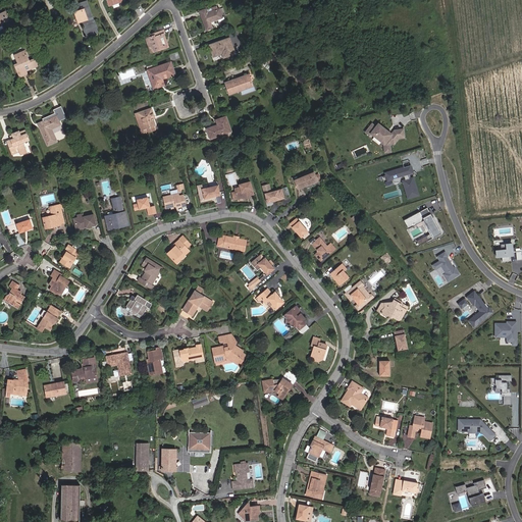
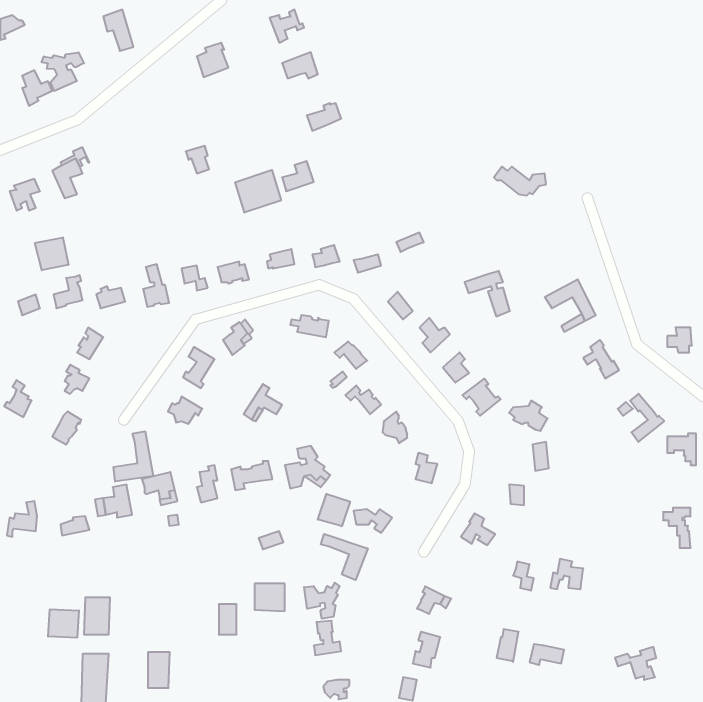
building: none -> [42,52,84,91]
building: [149,65,176,92] -> none
building: none -> [235,170,281,213]
building: [385,166,419,200] -> [465,271,510,316]
building: none -> [35,237,68,270]
building: none -> [114,431,153,482]
building: none -> [318,494,350,526]
building: none -> [321,534,368,580]
building: [459,420,495,440] -> none
building: none -> [304,583,340,619]
building: [133,443,149,470] -> [148,652,170,688]
building: none -> [48,609,79,638]

